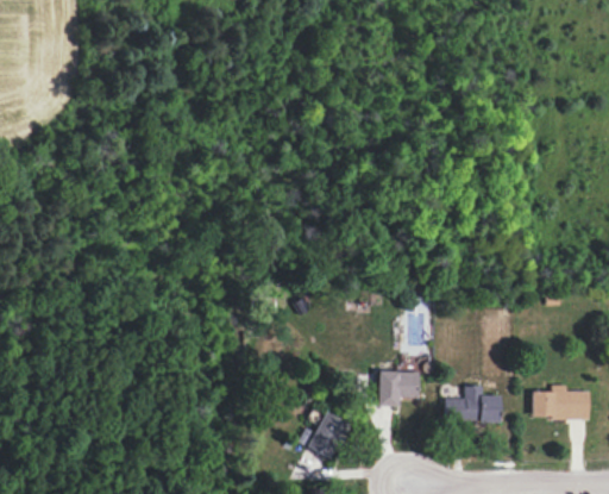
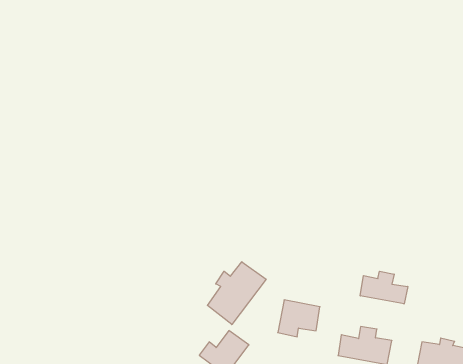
building: none -> [360,271,408,304]
building: none -> [207,262,266,325]

